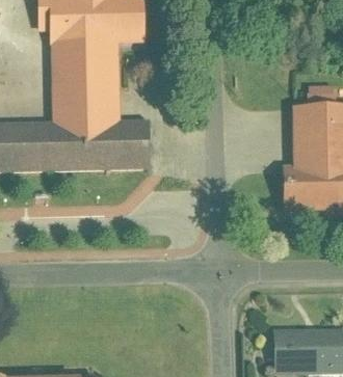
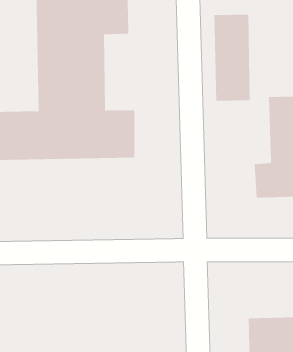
building: none -> [214,14,250,102]

